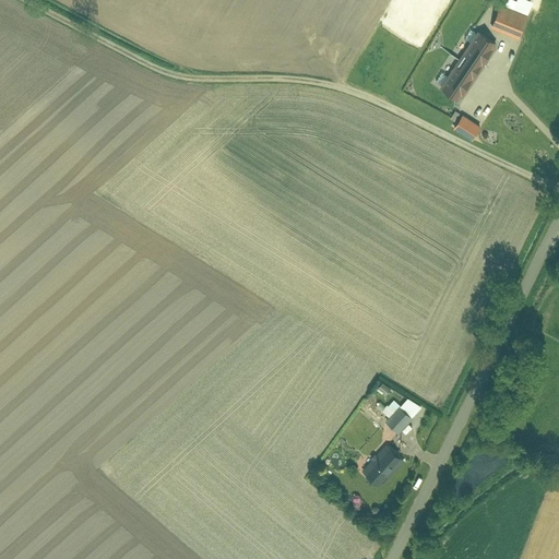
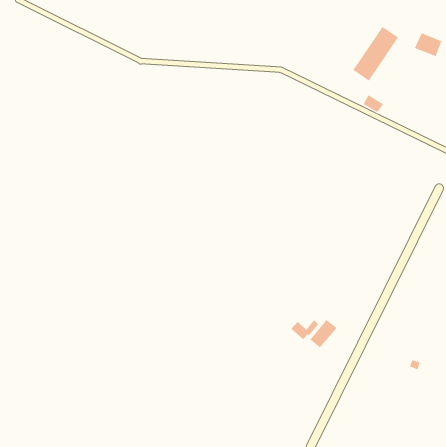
building: [491,10,526,40] -> [414,32,442,57]
building: [361,444,405,489] -> none

